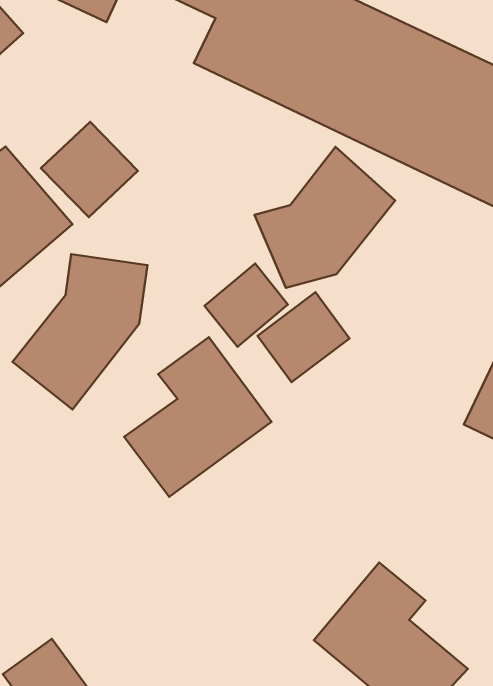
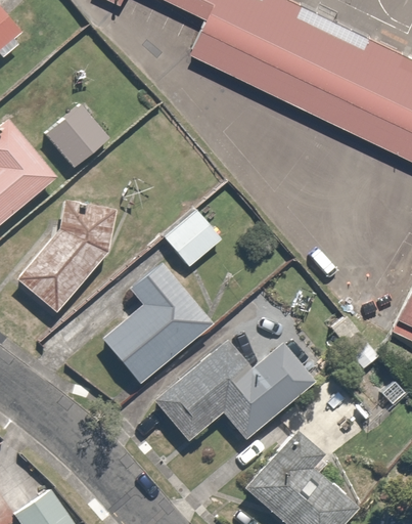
building: [255,147,395,288] -> none
building: [258,292,350,382] -> none
building: none -> [158,339,323,439]

